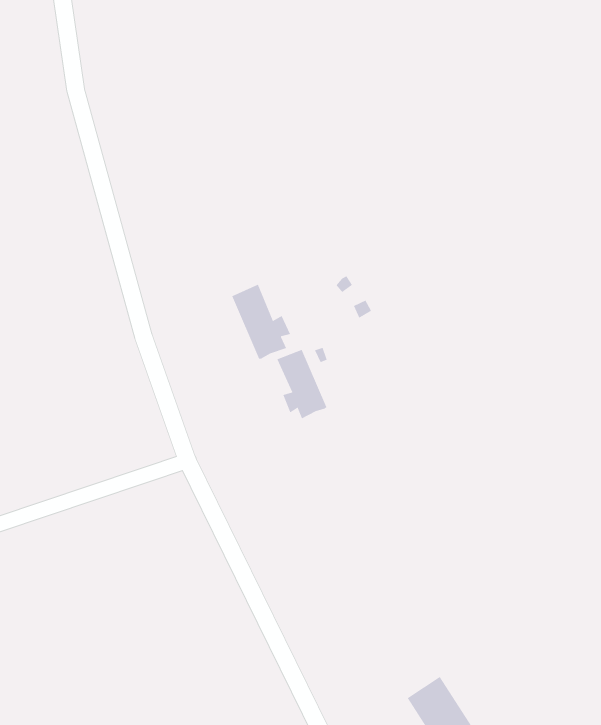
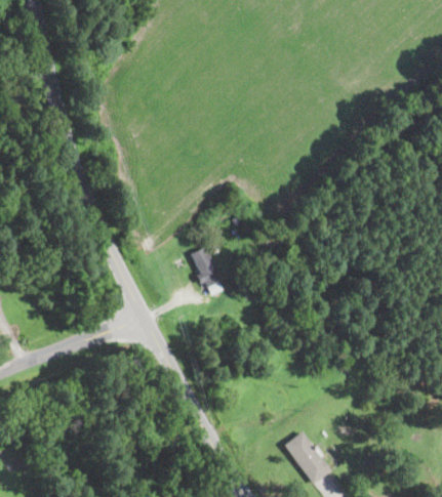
building: [232,284,291,359] -> none

